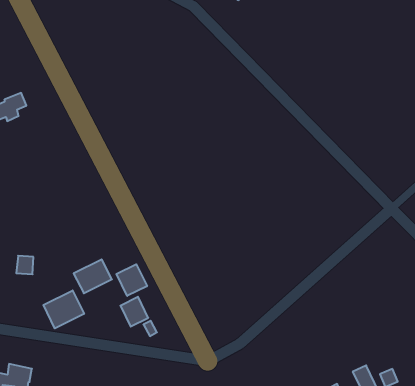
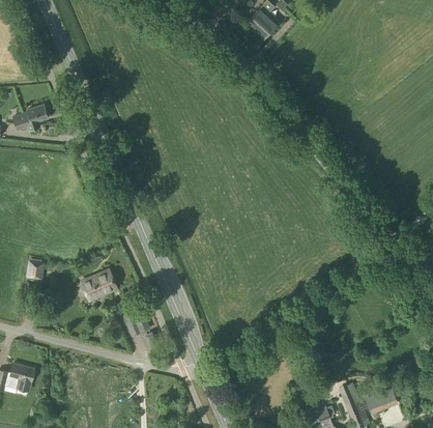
building: [116,264,147,296] -> none
building: [43,290,84,328] -> none

